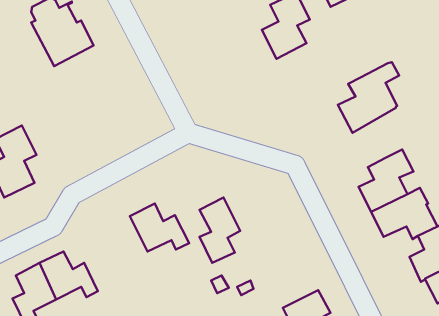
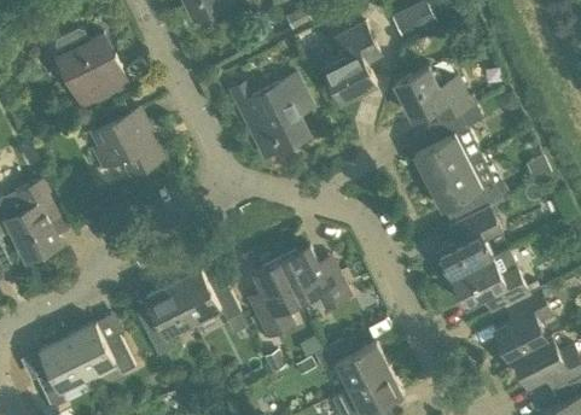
building: none -> [395,68,471,123]
building: none -> [231,75,313,157]
building: none -> [88,109,163,175]
building: none -> [430,158,501,216]
building: none -> [280,247,351,309]
building: none -> [140,284,192,358]
building: none -> [315,341,390,390]

